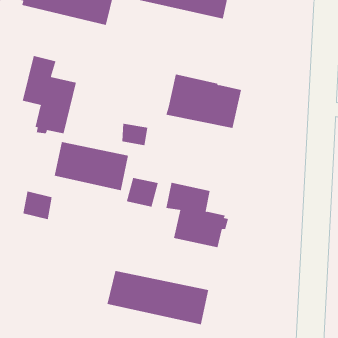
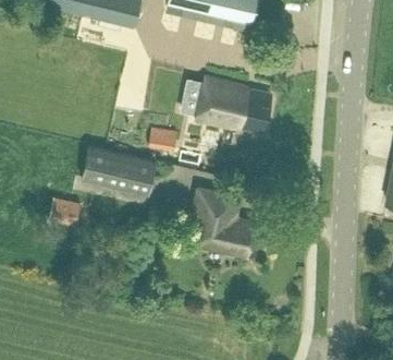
building: [22,55,76,134] -> none
building: [126,177,158,207] -> none
building: [107,270,209,325] -> none

